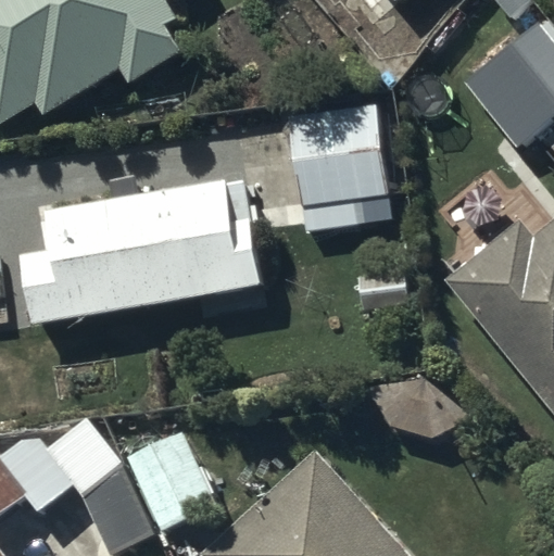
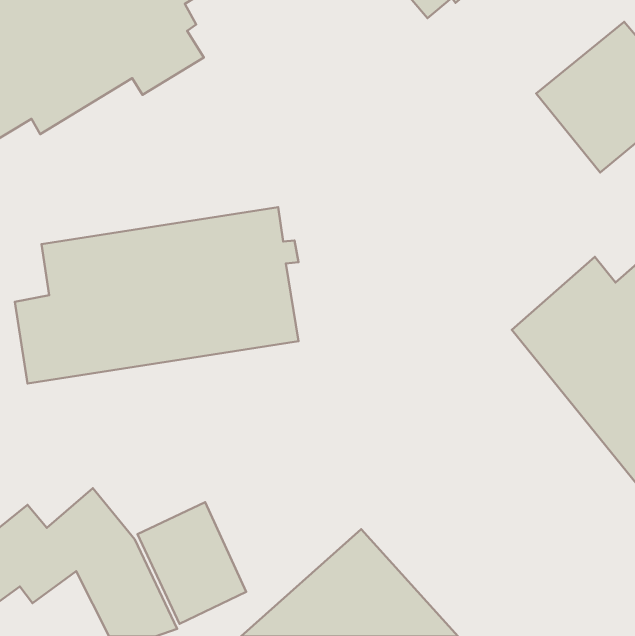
building: [287,103,391,230] -> none

